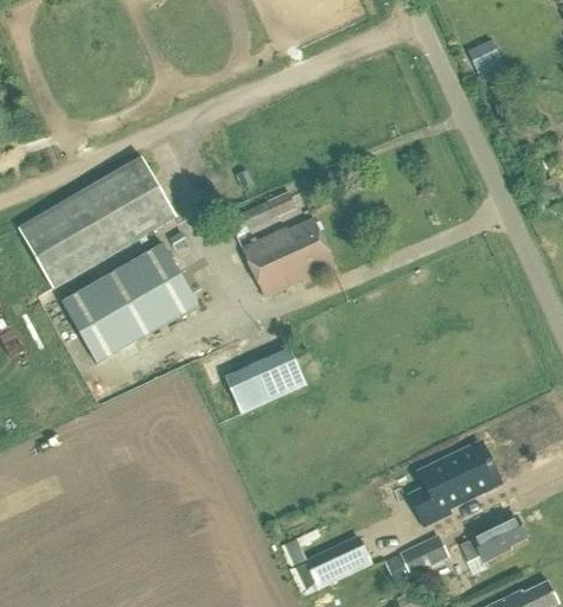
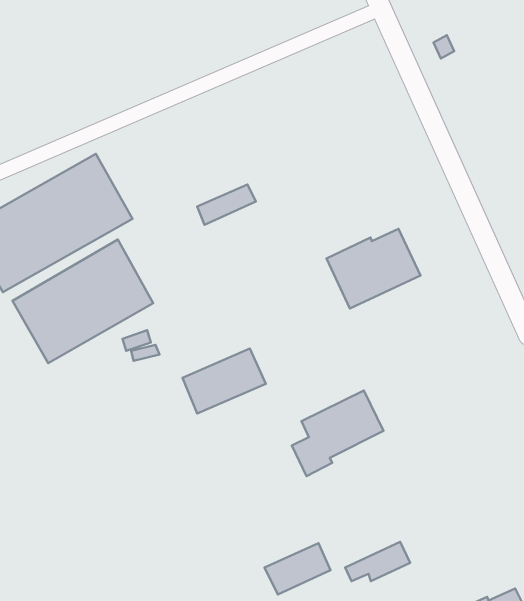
building: [243,217,334,294] -> [326,229,421,309]
building: [410,441,499,524] -> [292,391,384,476]
building: [461,515,526,560] -> none

